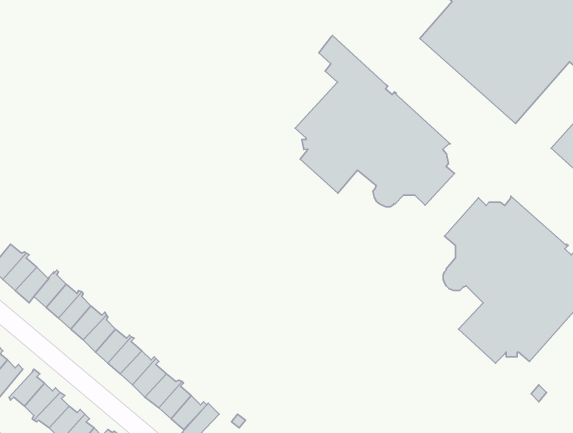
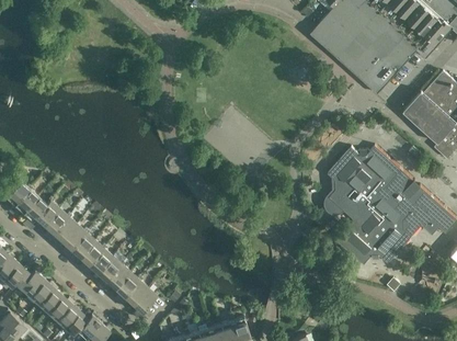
building: [295,36,455,207] -> none

